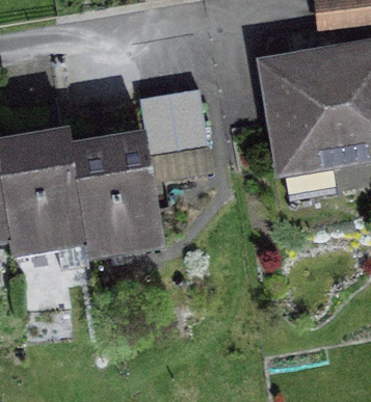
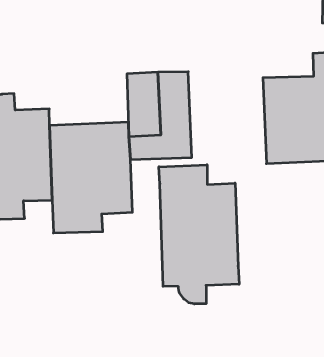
building: none -> [159,165,239,304]

